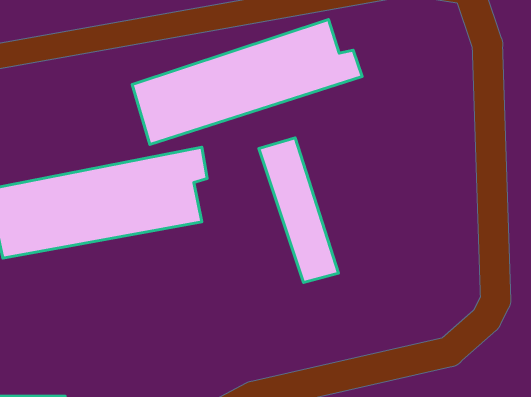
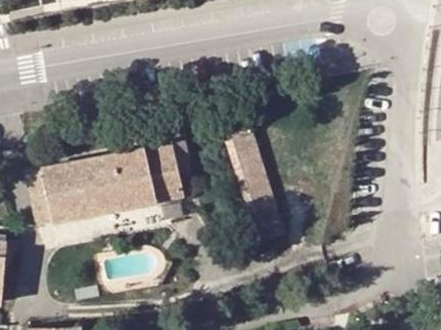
building: [132,19,362,144] -> none

